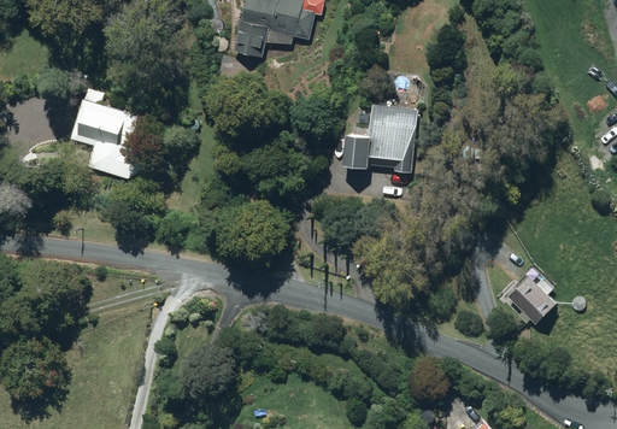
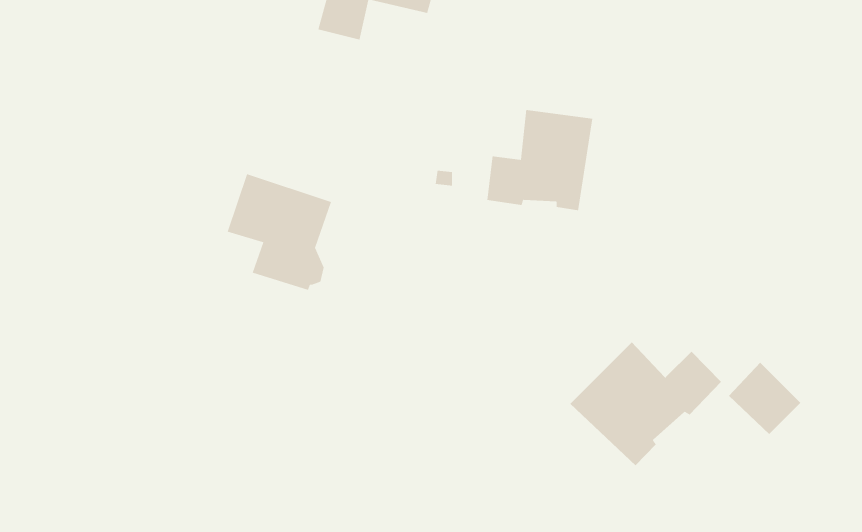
building: [71,99,142,178] -> [227,173,332,291]
building: none -> [569,341,722,466]

